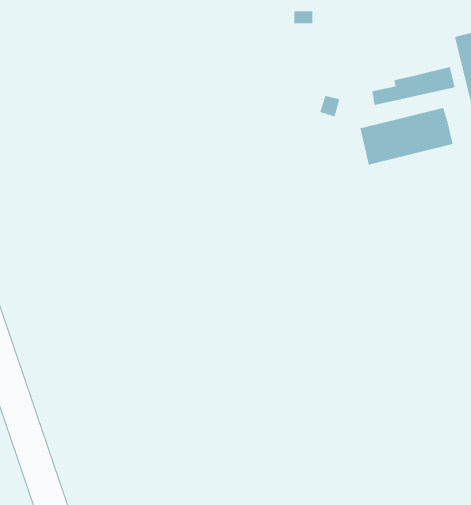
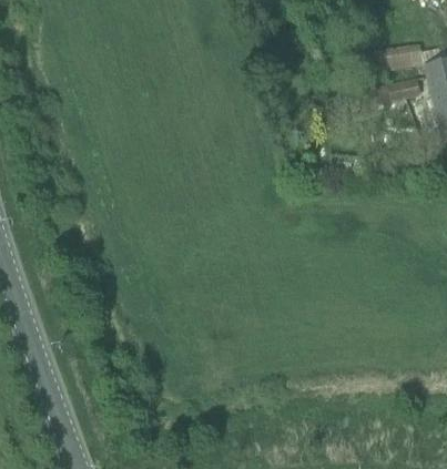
building: [360,107,453,165] -> none

